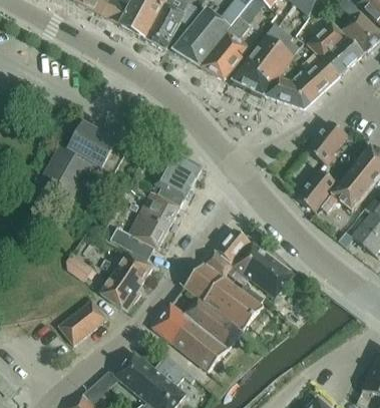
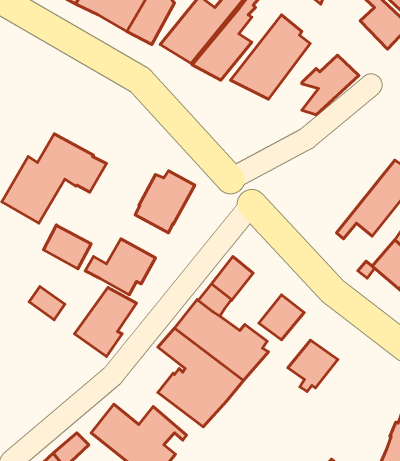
building: [307,20,364,74] -> none
building: [265,76,306,103] -> none
building: [307,120,347,164] -> none
building: [297,166,337,211] -> none
building: [139,190,179,228] -> [43,225,91,269]
building: [233,243,275,286] -> [288,340,338,392]
building: [58,299,107,345] -> none
building: [152,303,194,341] -> none

